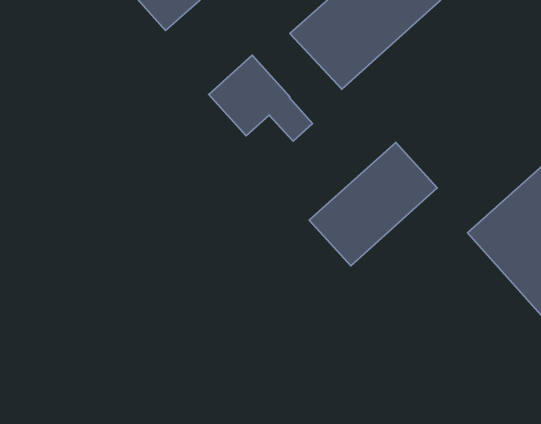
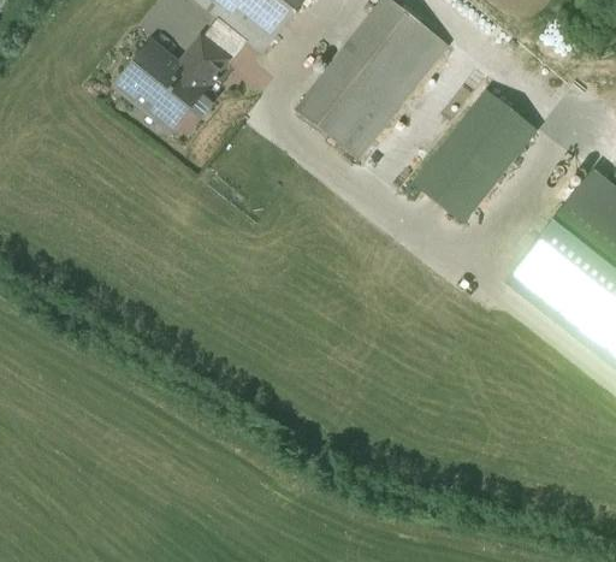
building: [209,55,312,141] -> none
building: [309,142,437,266] -> [414,89,537,220]

